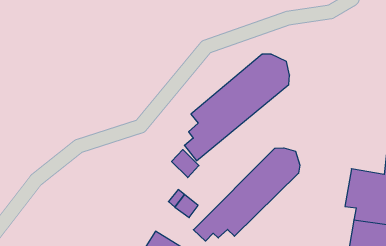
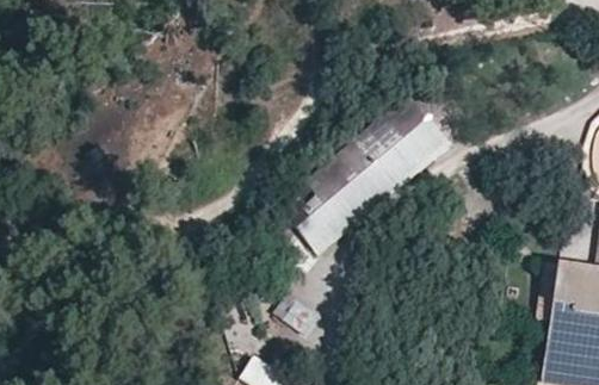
building: [193,148,300,241] -> none

